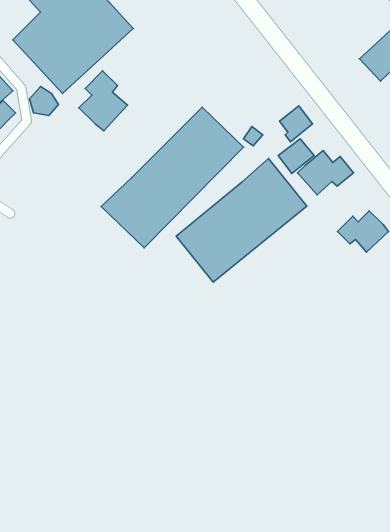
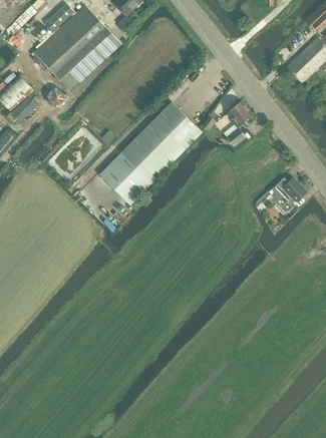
building: [79,71,127,131] -> none
building: [297,151,353,195] -> none
building: [176,159,307,282] -> none

